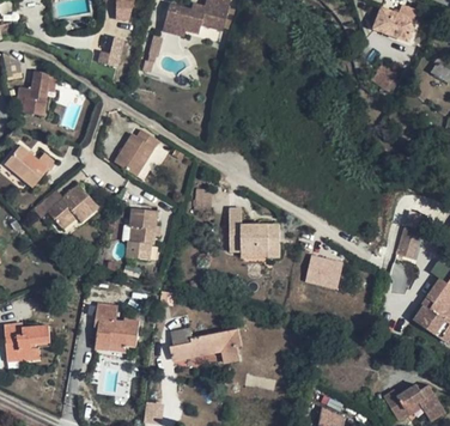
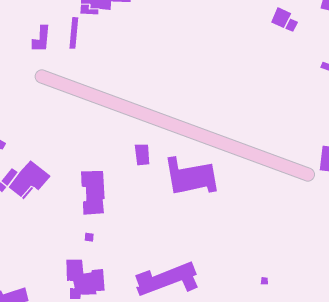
building: [115,130,159,176] -> none
building: [303,254,342,290] -> none

